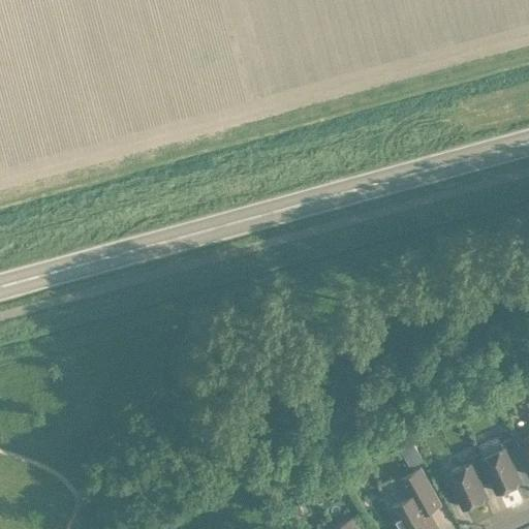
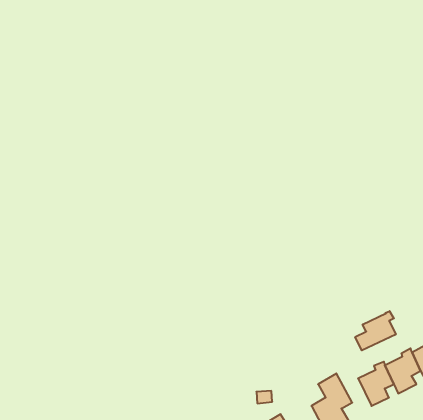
building: none -> [355,311,396,350]

